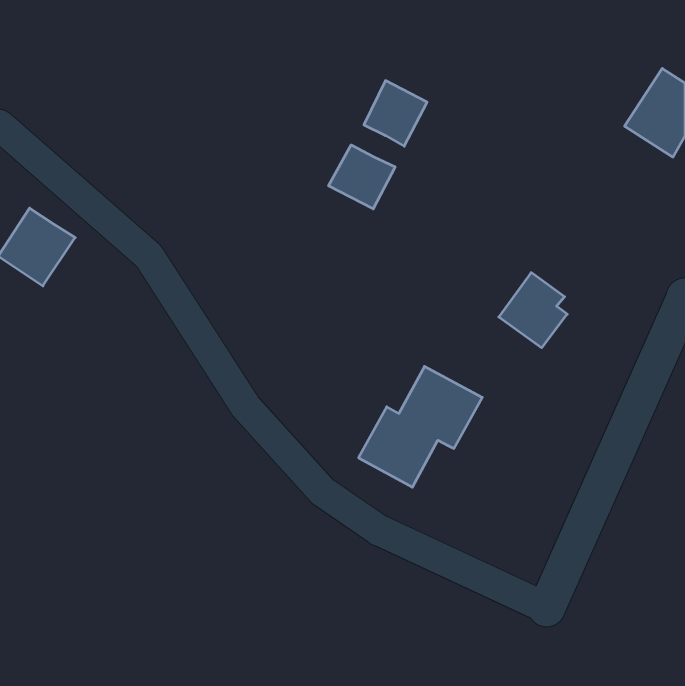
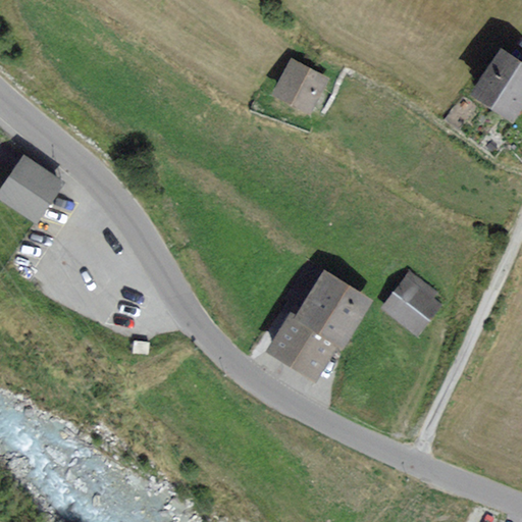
building: [329,145,395,209] -> none
building: [499,273,567,348] -> [383,273,435,330]

